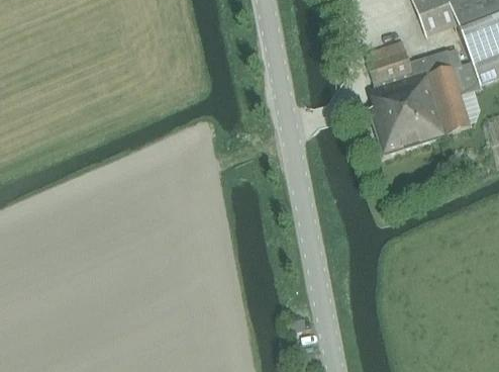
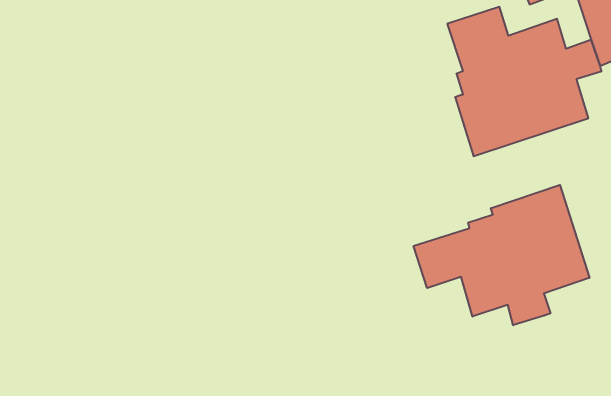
building: none -> [414,185,589,325]

